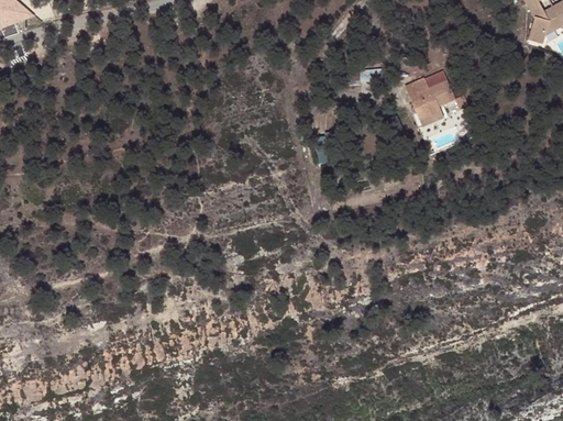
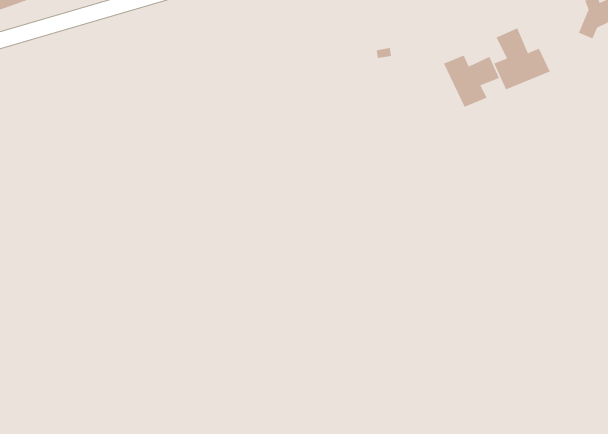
building: none -> [493,27,551,90]

